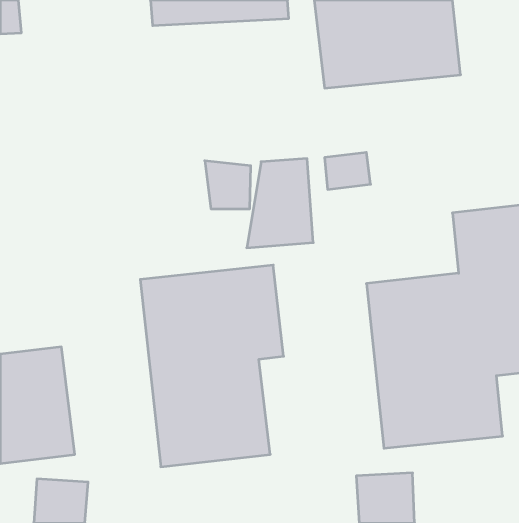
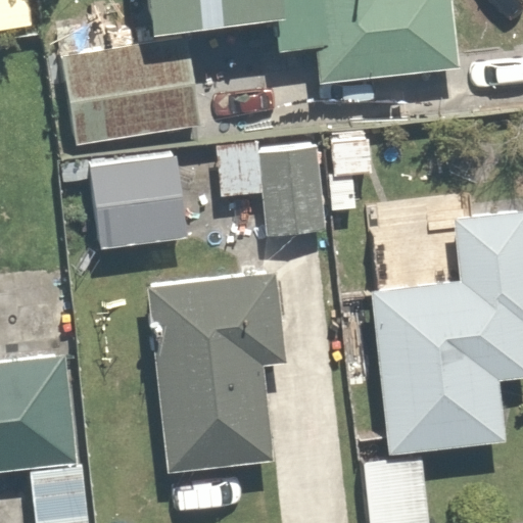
building: none -> [52,64,202,158]
building: none -> [80,172,175,262]

